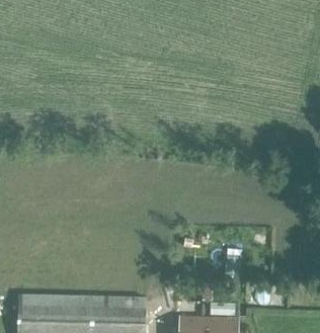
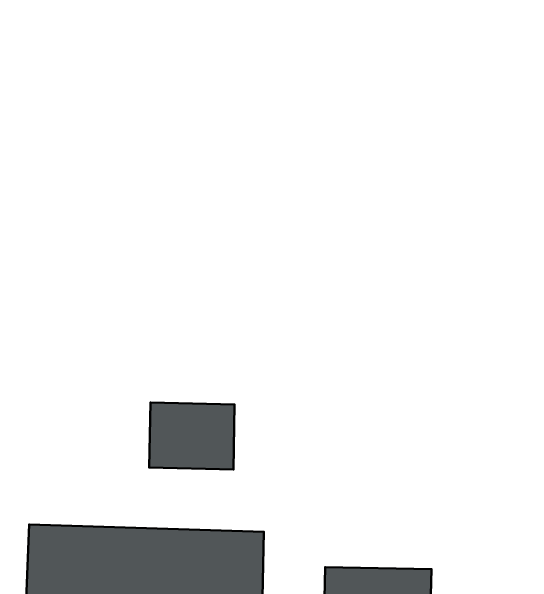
building: none -> [149,402,235,469]

